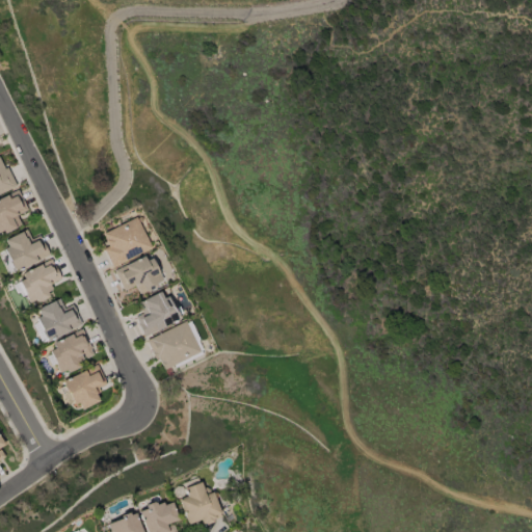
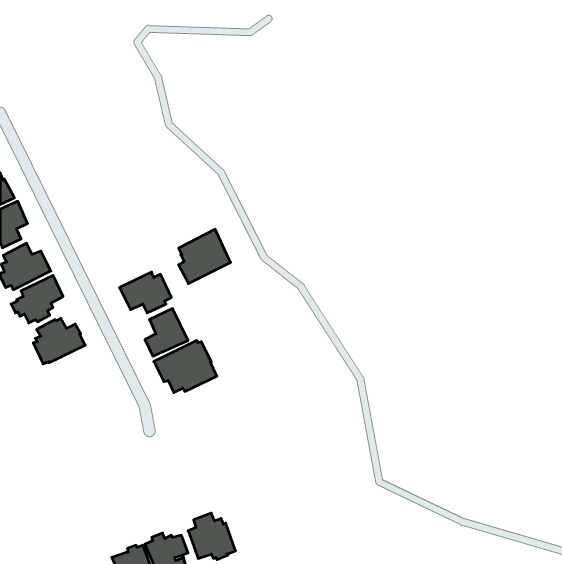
building: [105,217,154,268] -> [179,229,231,284]
building: [48,329,95,374] -> none
building: [61,366,109,410] -> none

